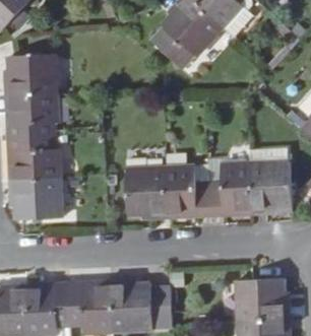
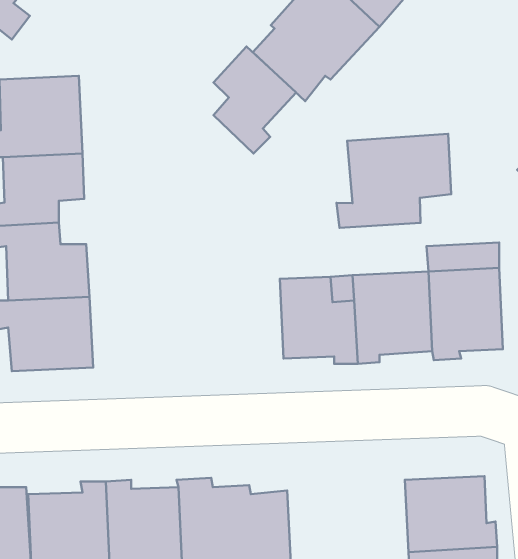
building: none -> [213,46,296,153]
building: none -> [337,134,451,228]
building: [125,169,169,219] -> none

